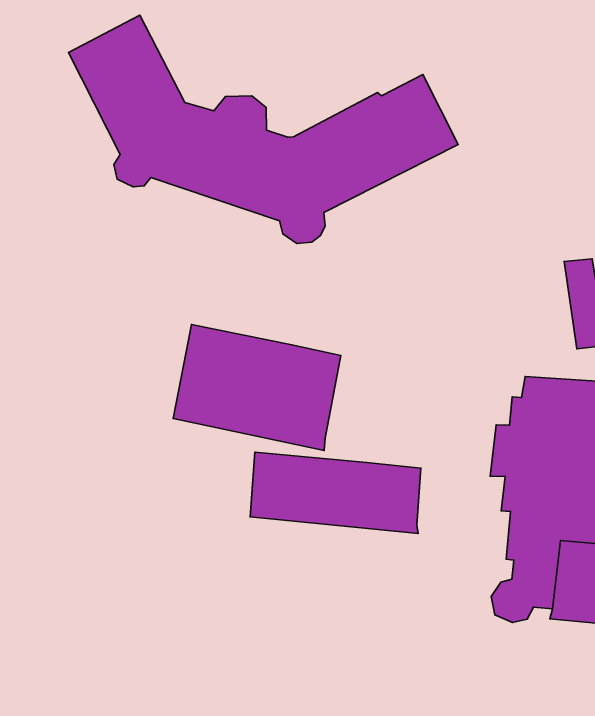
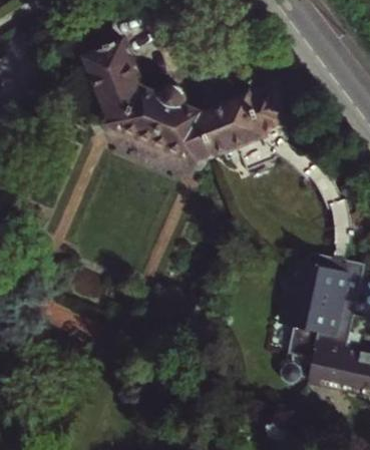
building: [173,324,341,450] -> none
building: [250,452,421,534] -> none

